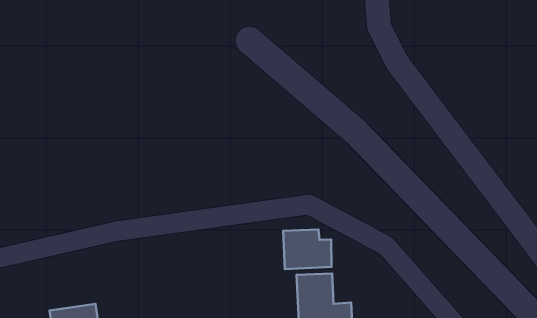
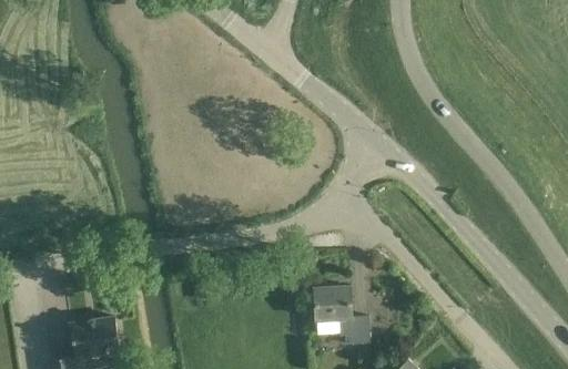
building: [283,230,332,269] -> none

